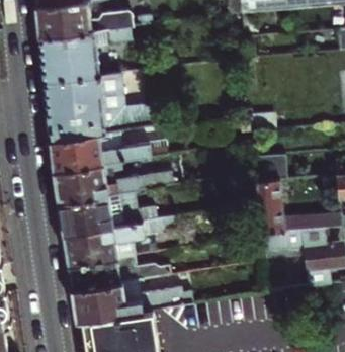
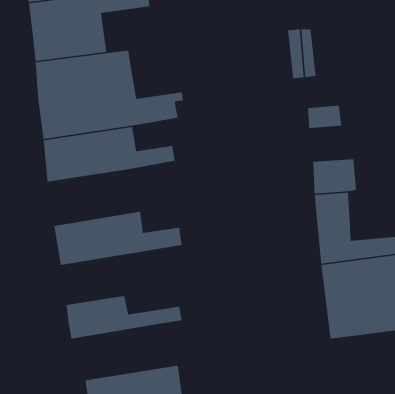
building: [55,163,181,205] -> none
building: [65,217,176,265] -> none
building: [73,280,192,323] -> none

